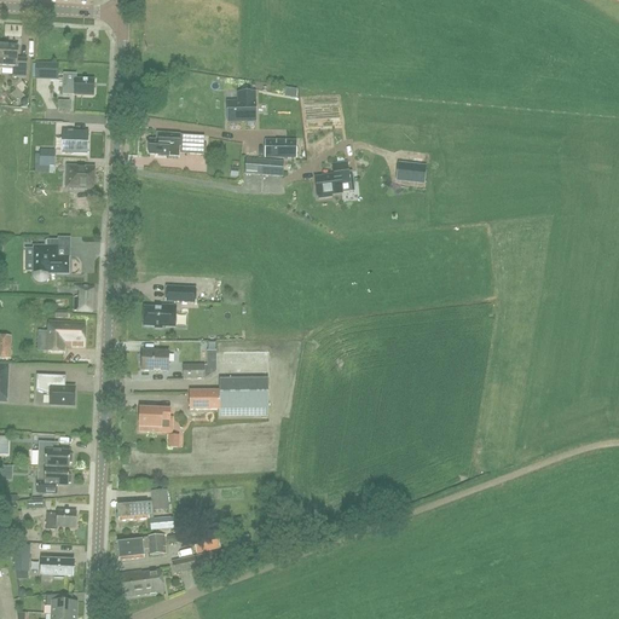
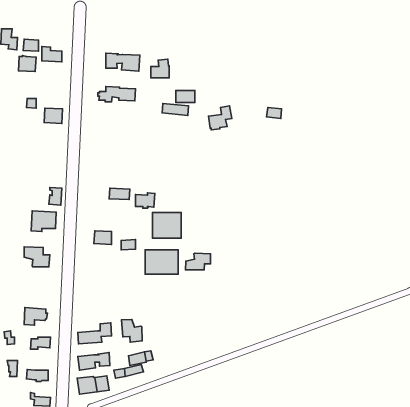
building: none -> [106,53,140,71]
building: [62,127,88,151] -> [18,56,36,72]
building: [34,237,69,278] -> none
building: [144,302,173,325] -> [135,193,155,208]
building: none -> [152,212,181,238]
building: none -> [185,253,211,270]
building: [190,389,219,407] -> none
building: [139,406,173,430] -> none
building: [37,439,73,467] -> none
building: none -> [121,319,142,342]

